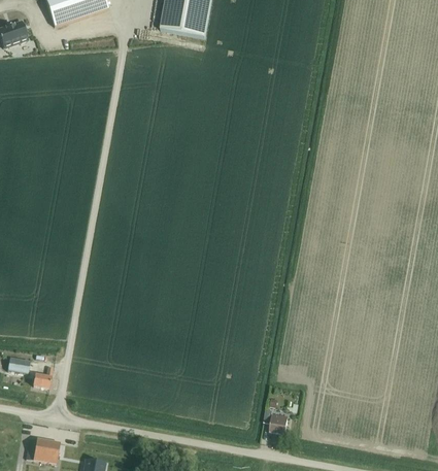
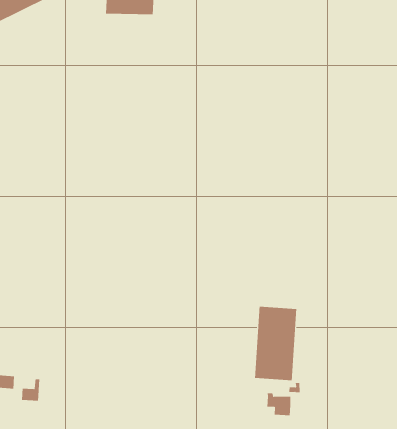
building: none -> [254,306,297,381]

